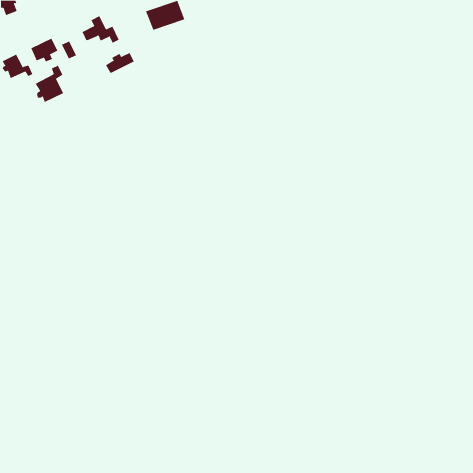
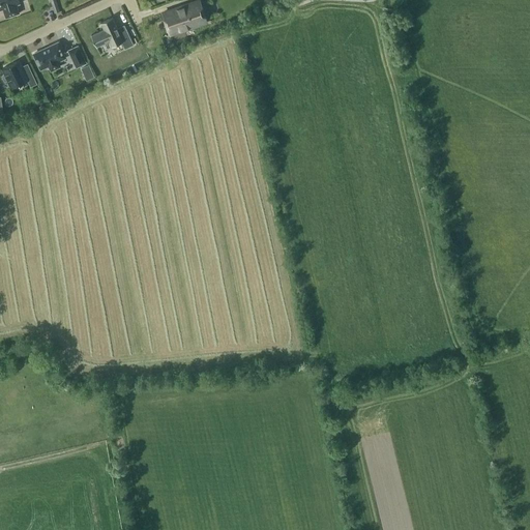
building: [105,52,134,74] -> none
building: [35,65,64,103] -> none

